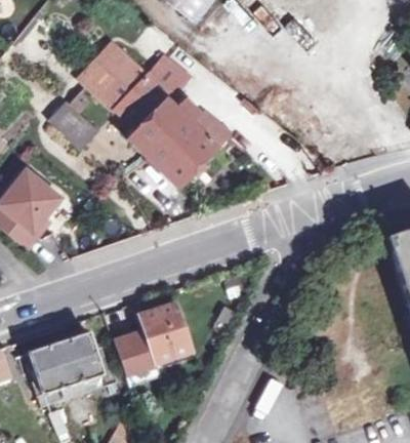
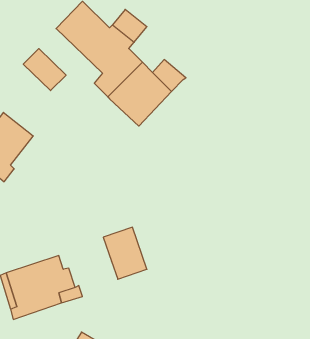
building: [115,328,158,369] -> none

